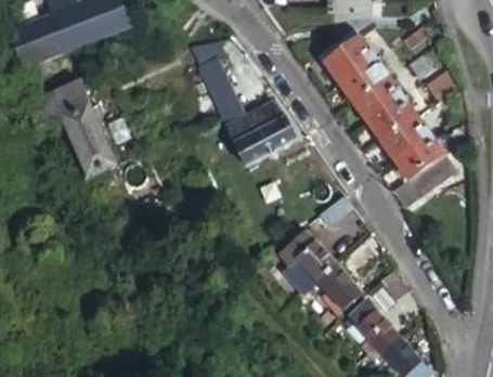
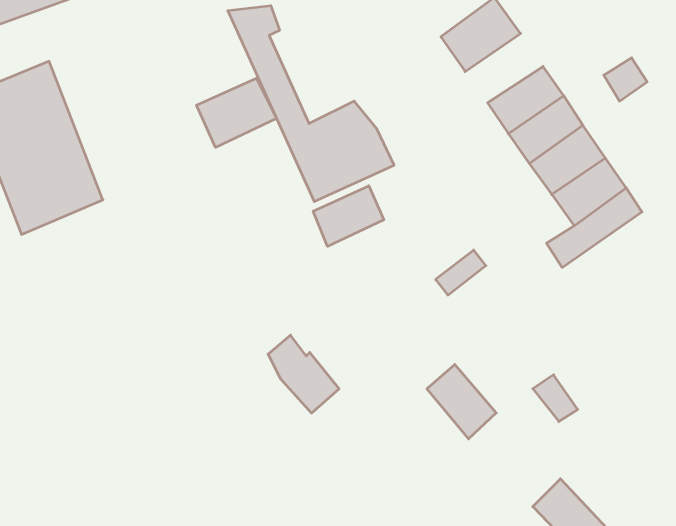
building: [341,60,390,103] -> none
building: none -> [196,78,277,147]
building: none -> [313,186,384,246]
building: [290,233,335,282] -> [268,335,339,413]
building: [350,302,401,355] -> none

